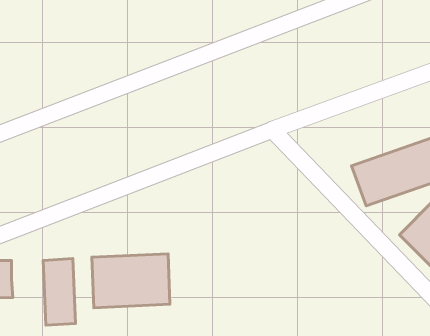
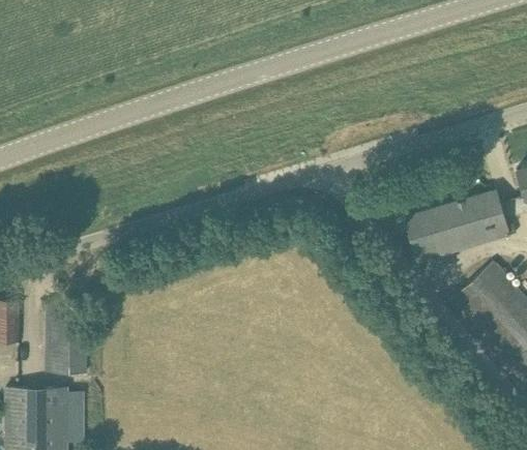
building: [92,254,170,308] -> none

